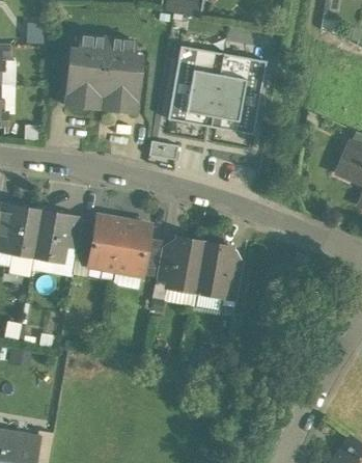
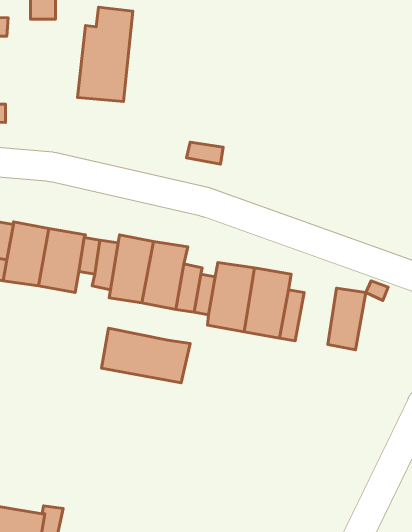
building: [100,38,141,114] -> none
building: [168,48,267,135] -> none
building: none -> [328,288,366,350]
building: none -> [101,328,190,383]

